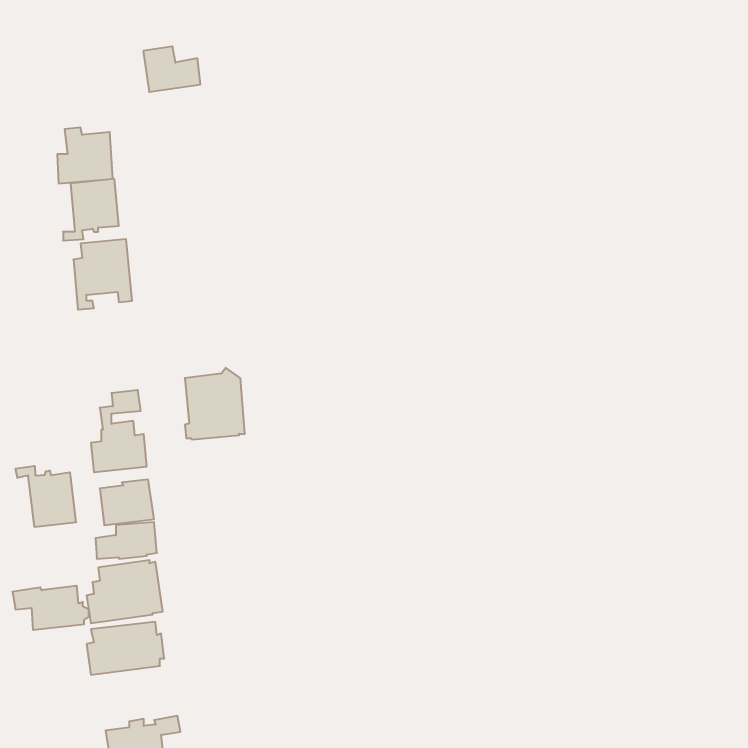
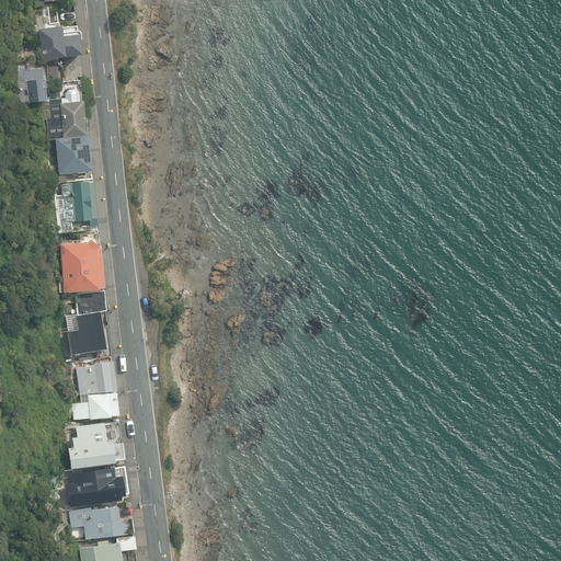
building: [143,46,200,92] -> [38,27,81,61]
building: none -> [18,67,47,105]
building: [185,368,245,440] -> [59,240,104,294]
building: [16,466,76,527] -> none
building: [12,586,89,630] -> [69,505,126,538]

